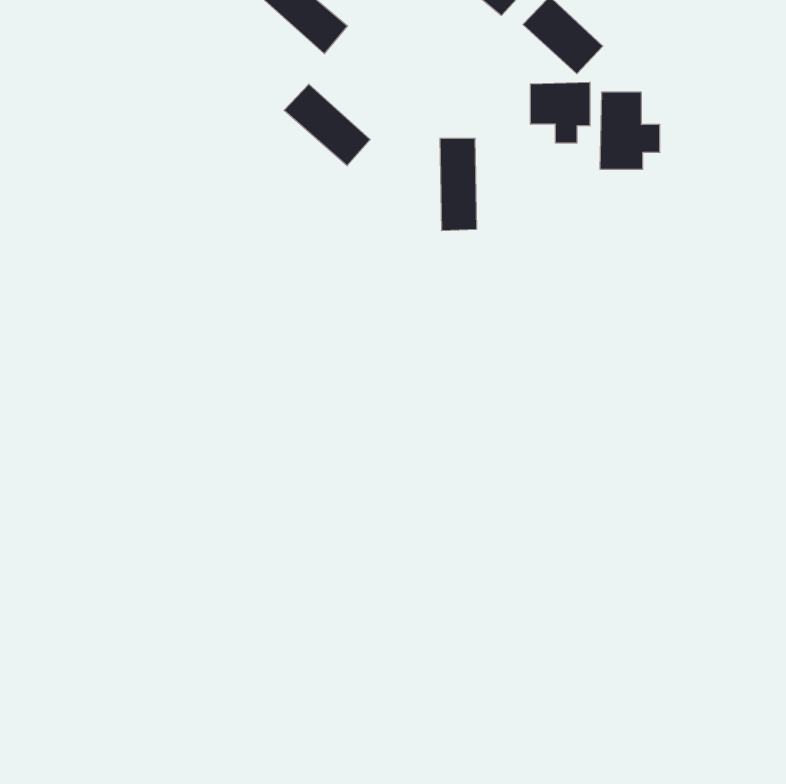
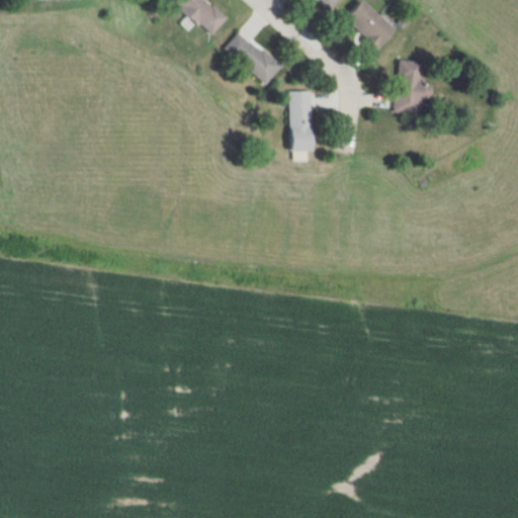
building: [531,82,590,143] -> none
building: [284,84,370,166] -> [225,30,281,84]

